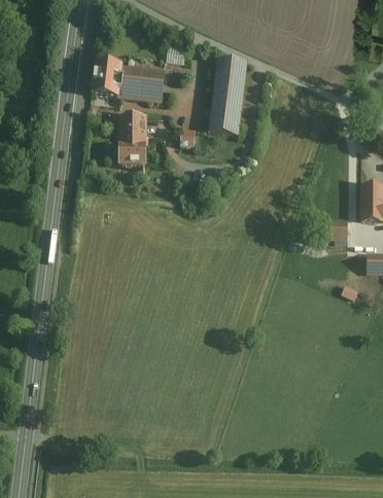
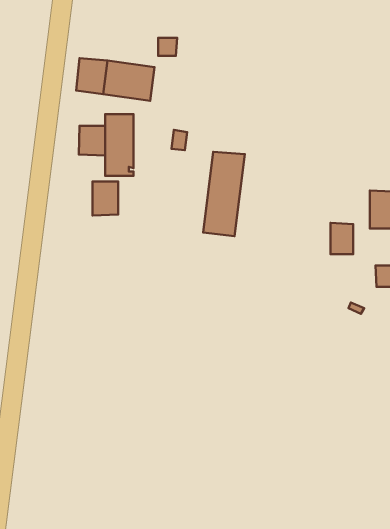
building: [209,57,247,134] -> [203,152,245,236]
building: none -> [79,126,105,156]
building: none -> [93,182,118,216]

